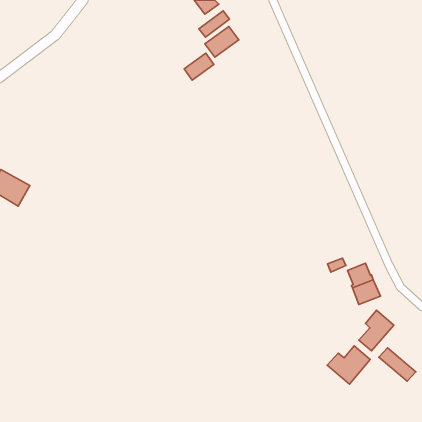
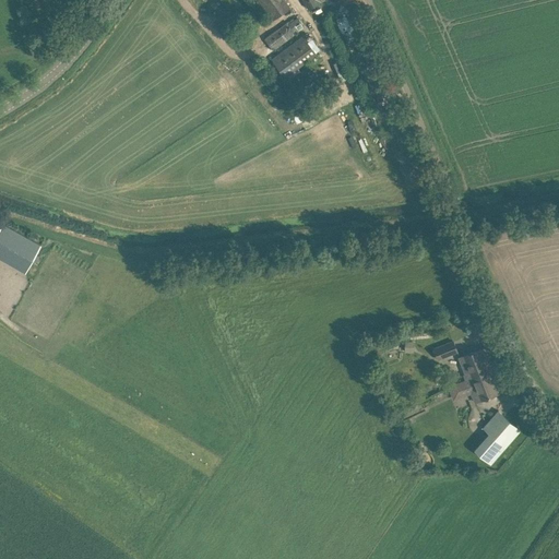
building: [184,53,214,80] -> none
building: [327,346,370,384] -> none
building: [379,348,416,381] -> none

